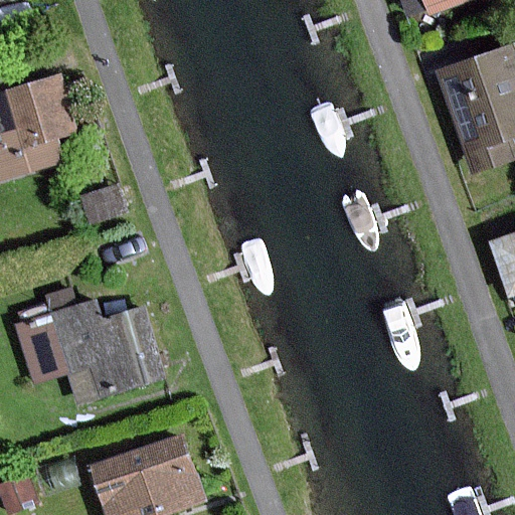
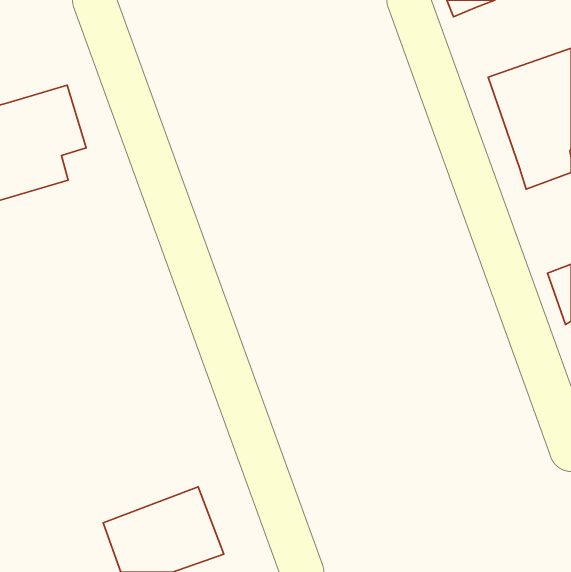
building: [17,302,164,400] -> none

